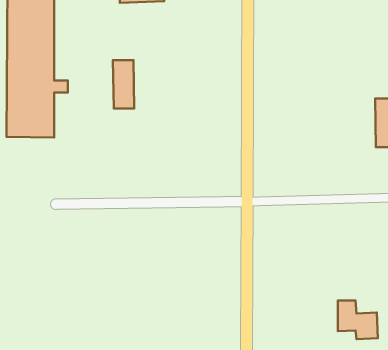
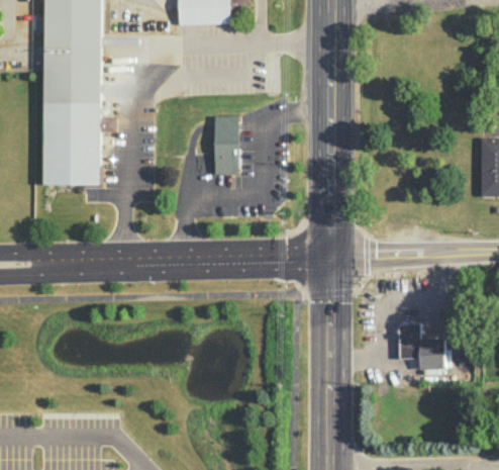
building: [113,60,134,109] -> [214,115,239,173]
building: [338,301,378,339] -> [398,322,445,368]

